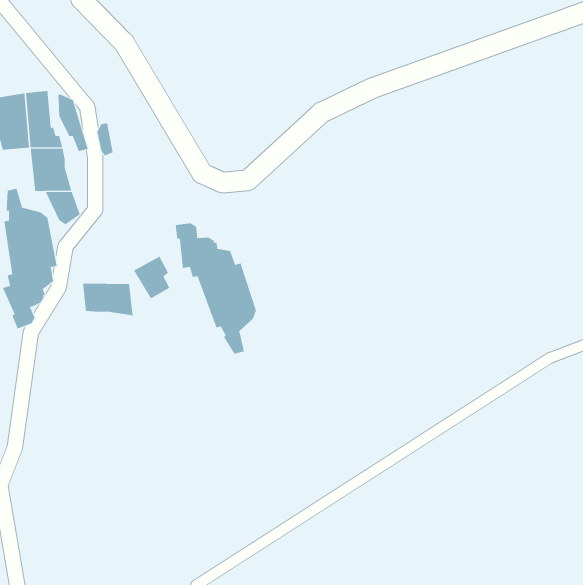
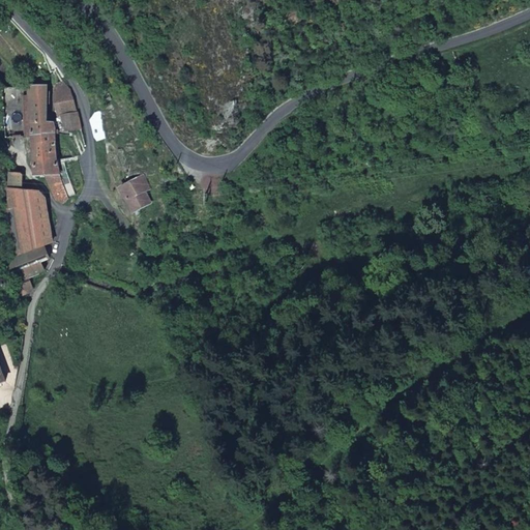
building: [175,223,257,355] -> none
building: [133,256,170,299] -> [117,173,150,212]
building: [82,283,133,316] -> none

